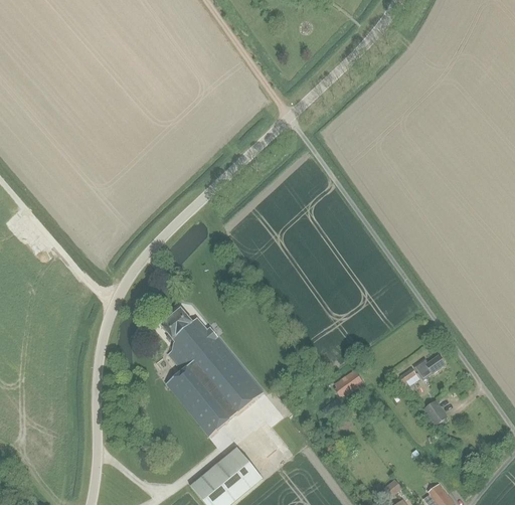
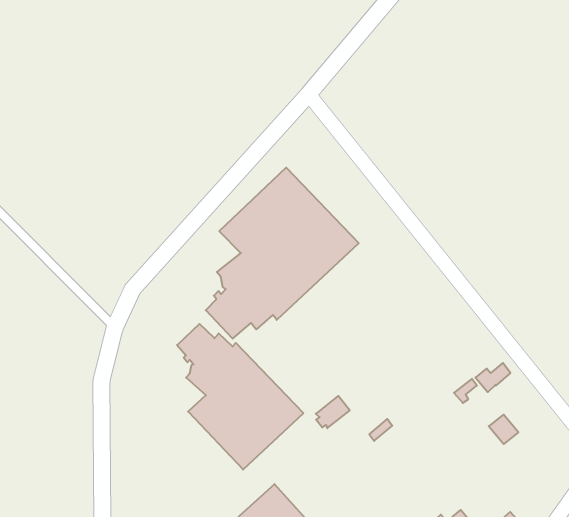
building: none -> [206,168,359,339]
building: [333,370,362,397] -> [316,396,350,428]

